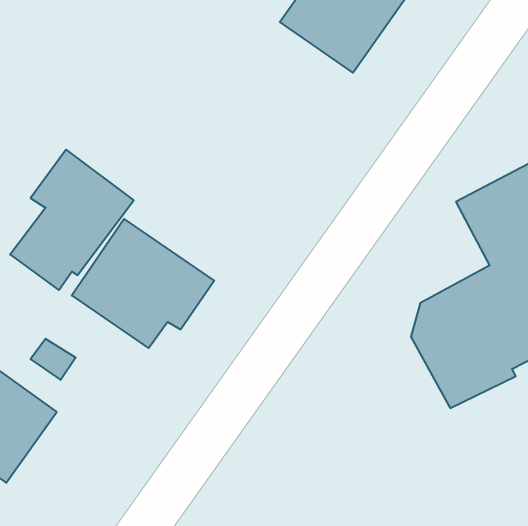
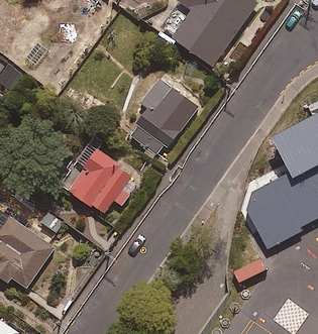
building: [10,150,134,290] -> [131,80,198,155]

